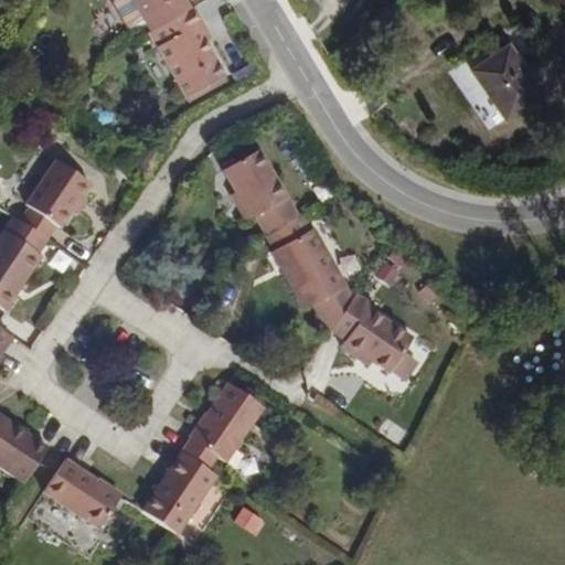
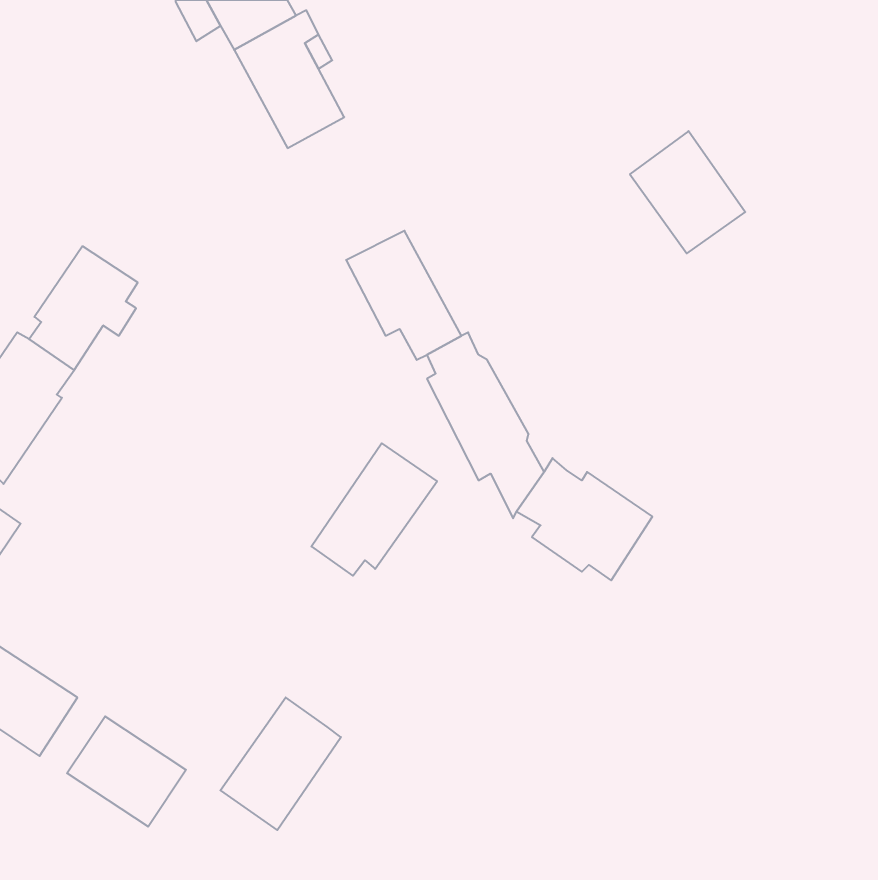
building: [470,43,544,121] -> [630,131,745,253]
building: [183,381,264,466] -> [311,443,437,576]

